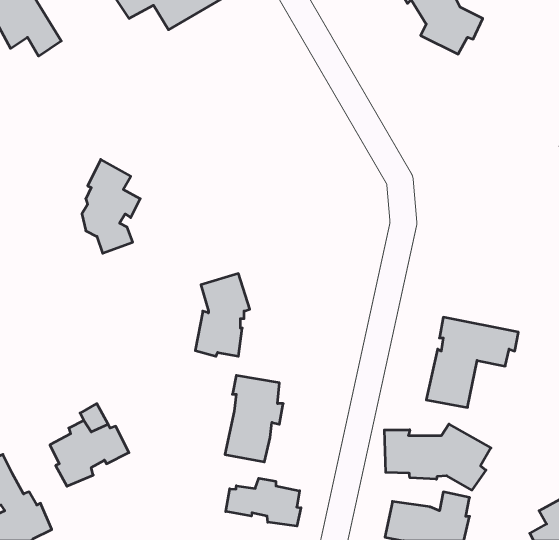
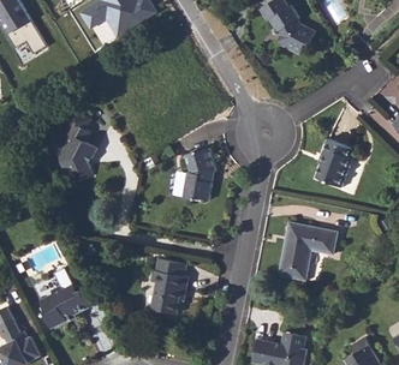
building: none -> [315,138,352,186]
building: [195,274,250,356] -> [181,146,216,199]
building: [384,424,491,490] -> none
building: [226,478,301,526] -> none

